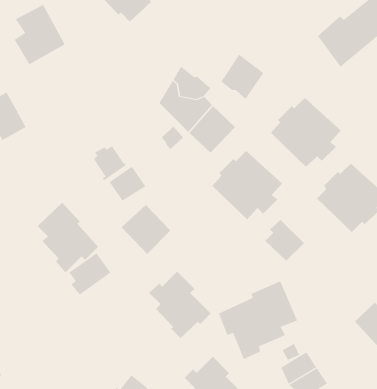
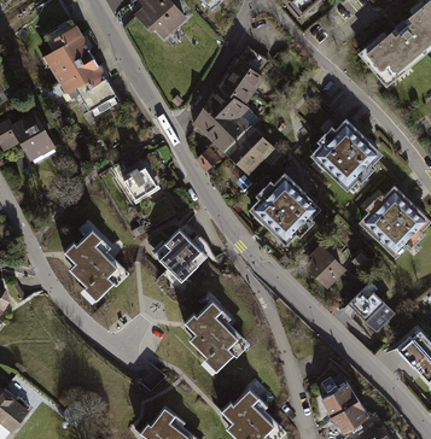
building: none -> [57,62,120,116]
building: [220,54,264,100] -> [219,57,264,105]
building: [109,166,146,201] -> none
building: [68,253,111,296] -> none
building: none -> [349,281,396,330]
building: [218,281,298,360] -> none

